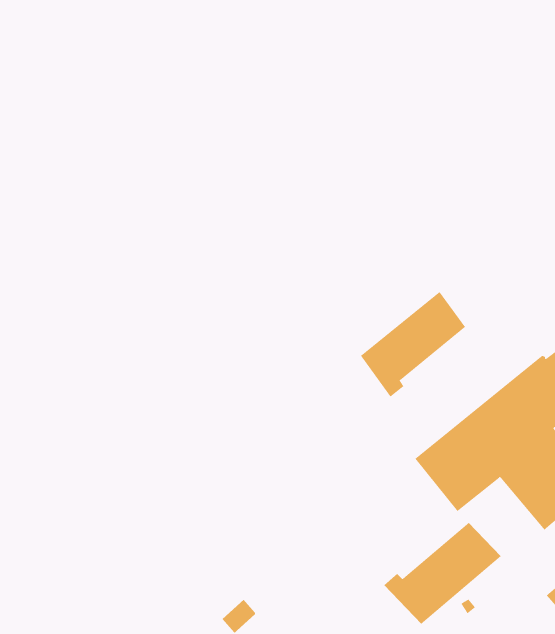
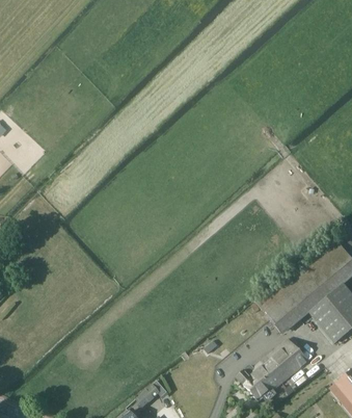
building: [360,291,466,397] -> none

